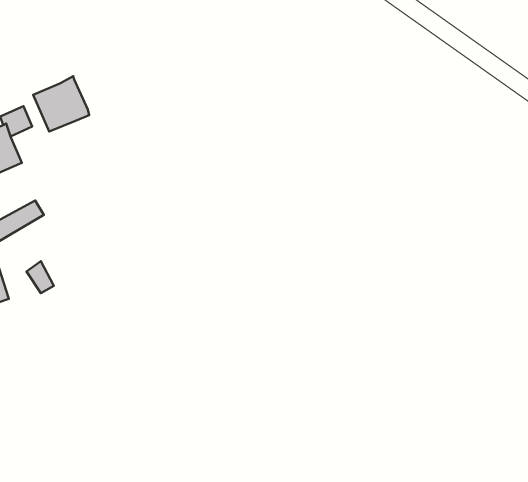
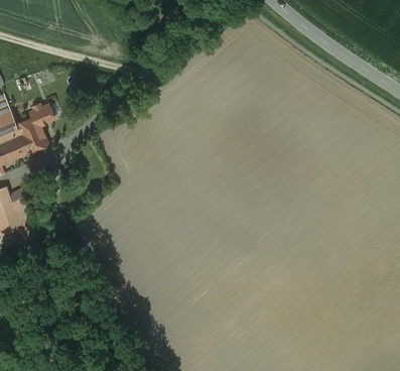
building: [33,76,89,131] -> none

